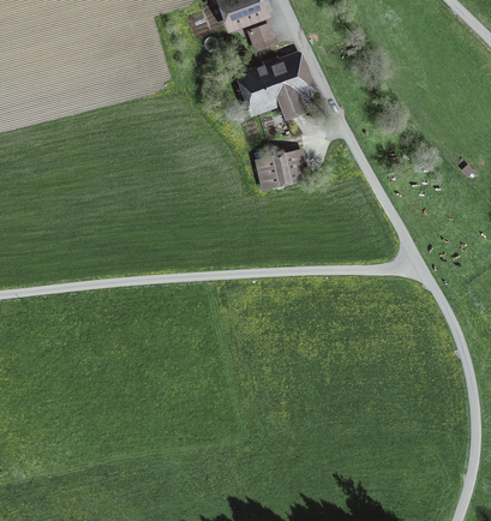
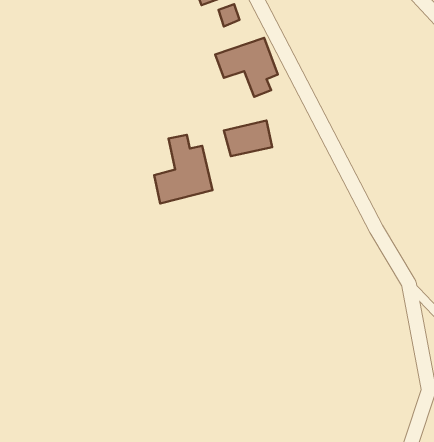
building: none -> [154,135,212,204]

